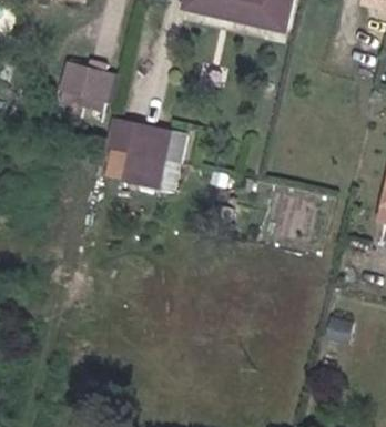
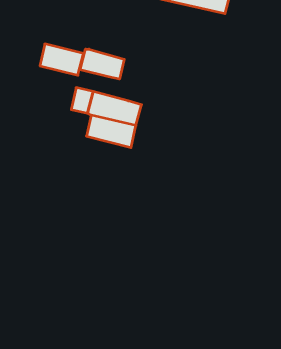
building: none -> [80,49,124,79]

